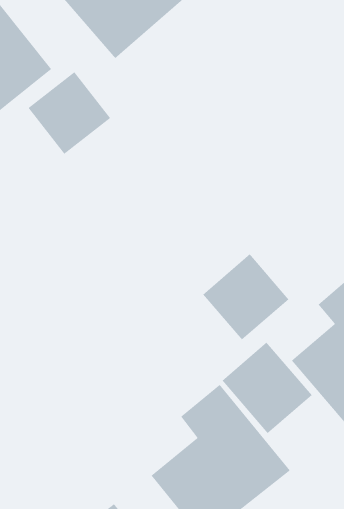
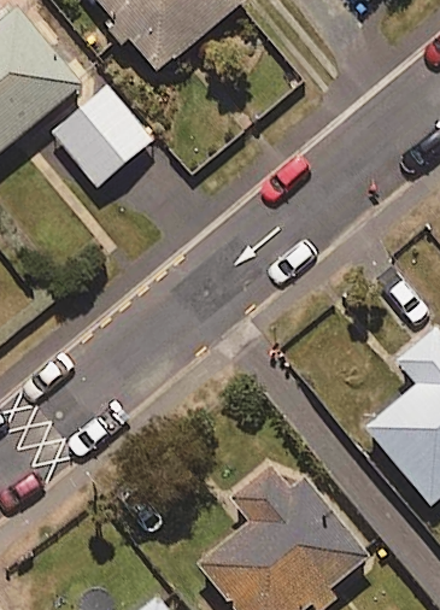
building: [202,253,290,341] -> none
building: [221,341,313,434] -> none

